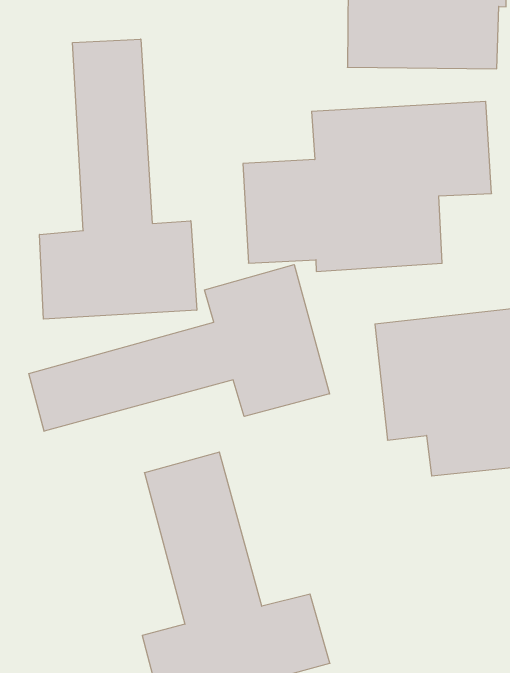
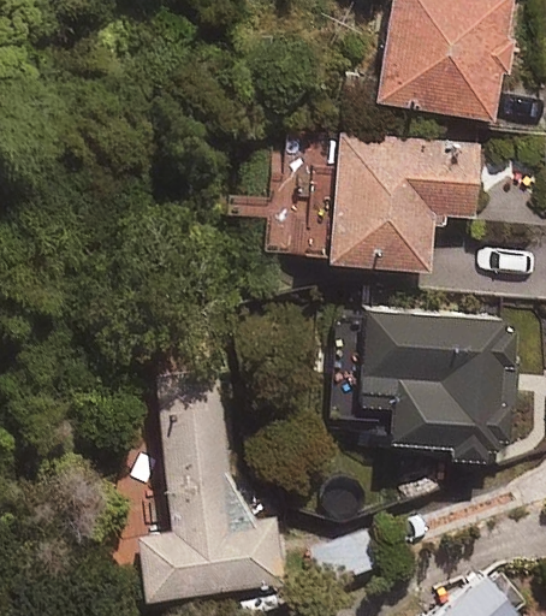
building: [40,39,197,319] -> none
building: [29,265,330,431] -> none

